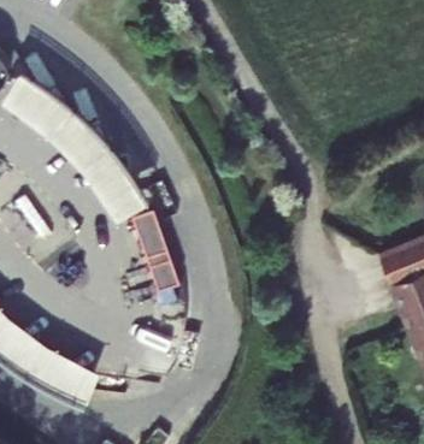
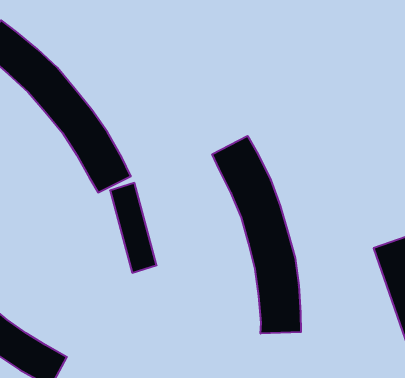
building: none -> [212,136,301,334]

